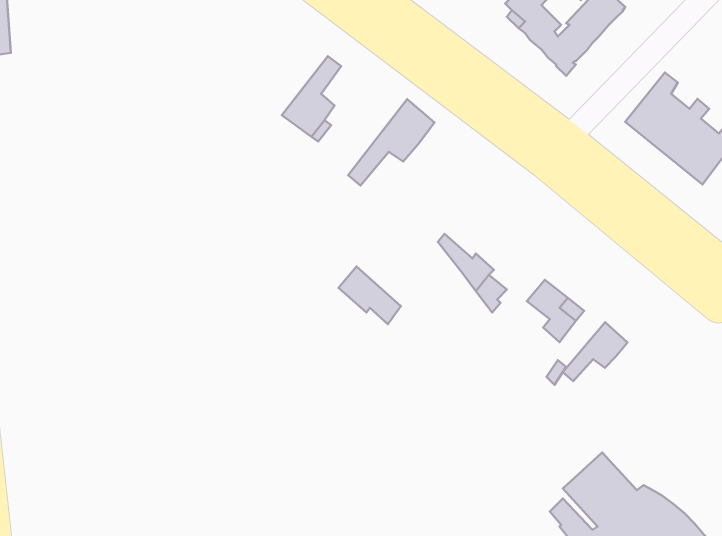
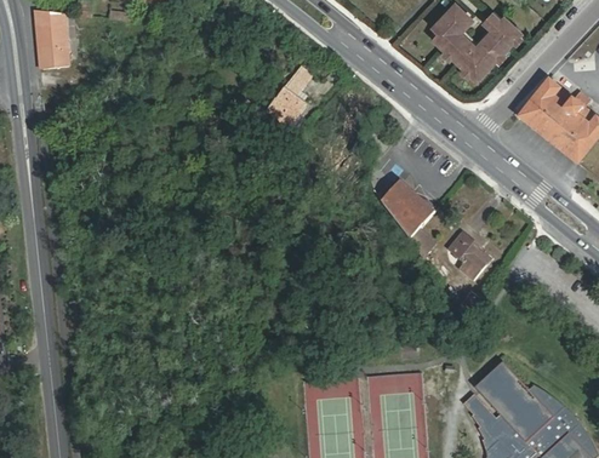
building: [348,99,435,186] -> none
building: [339,267,401,324] -> [387,183,433,225]
building: [563,322,627,381] -> none

